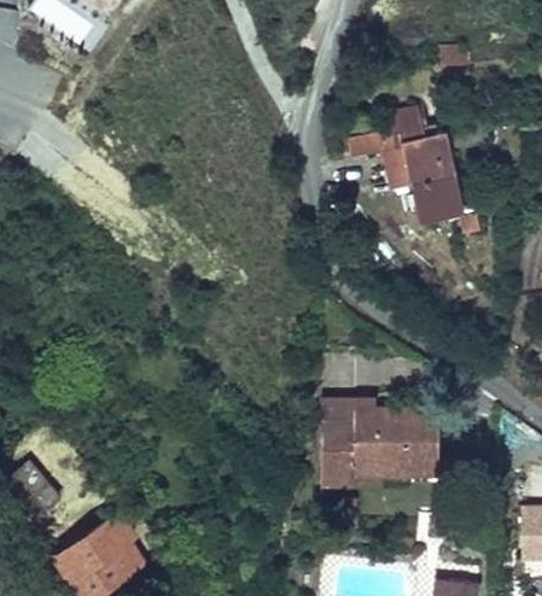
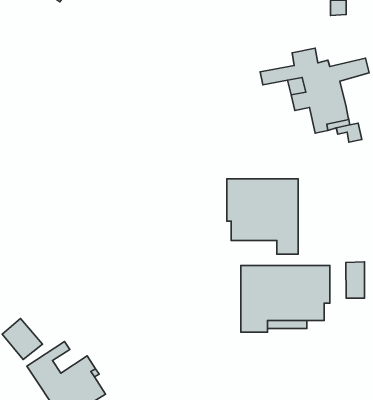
building: none -> [227,179,298,254]
building: none -> [346,262,365,298]

